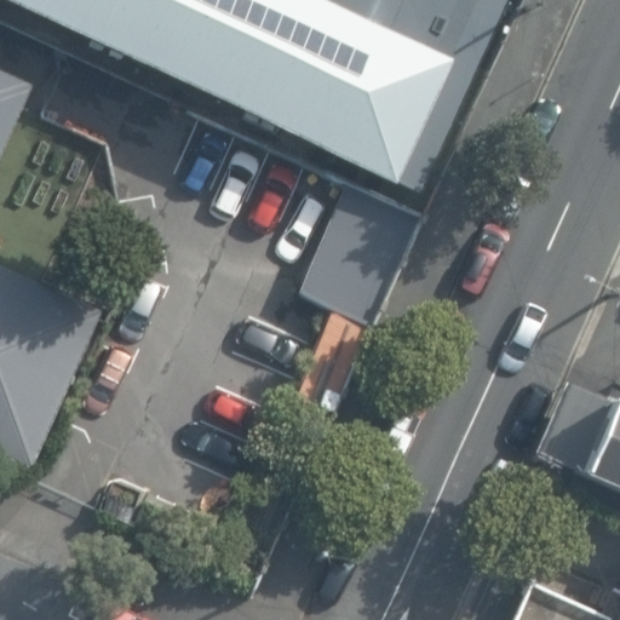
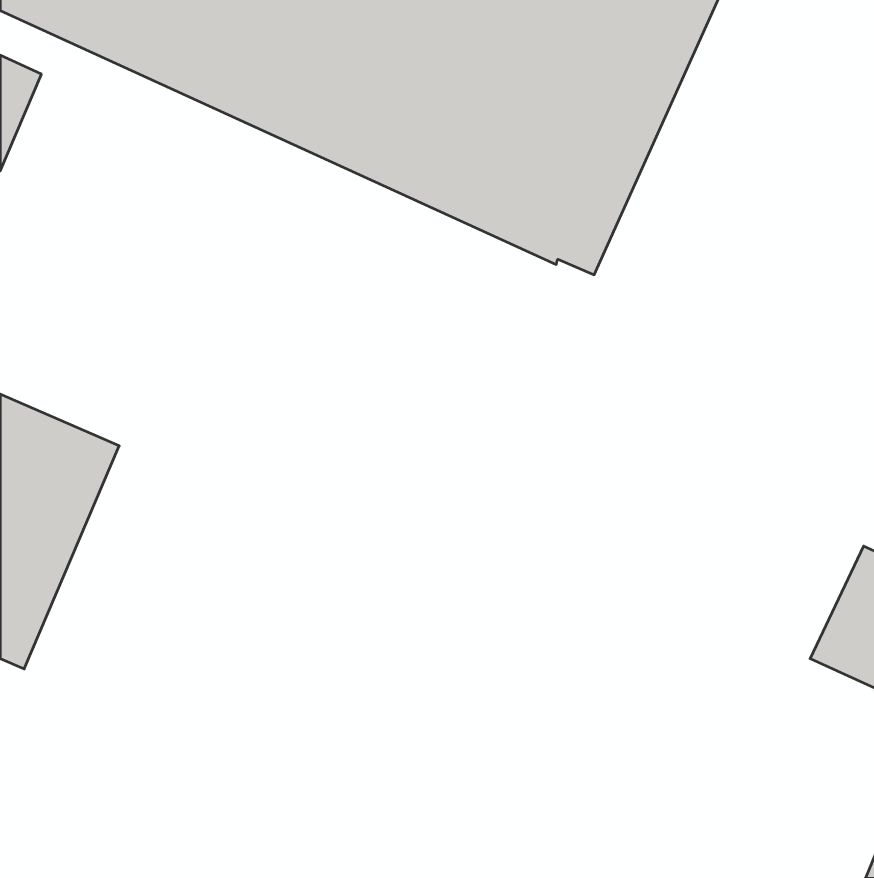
building: [298,174,420,315] -> none

